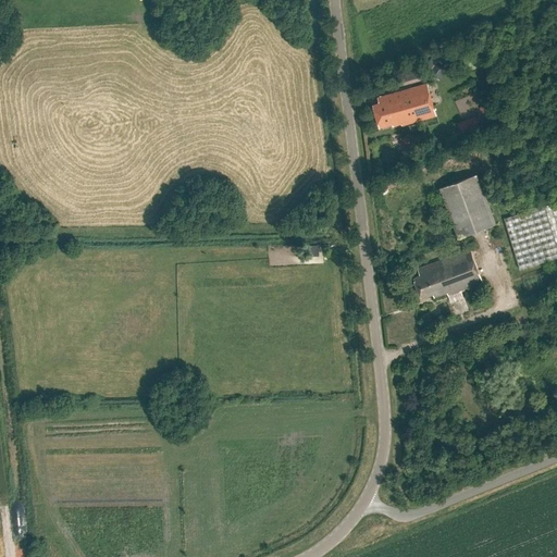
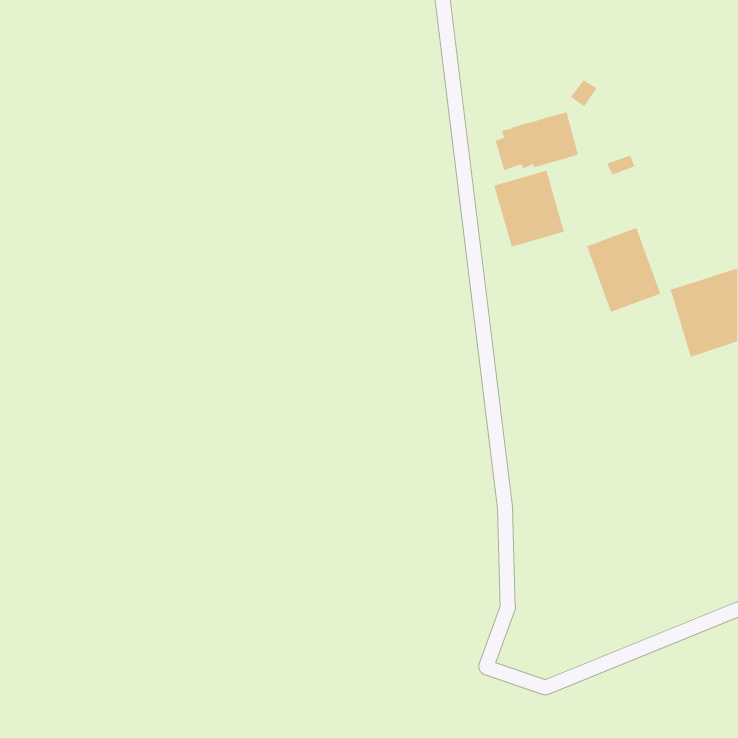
building: none -> [494,170,565,247]
building: [413,250,482,304] -> none

